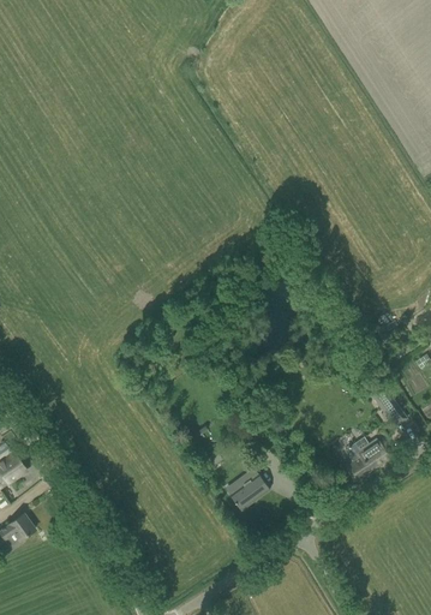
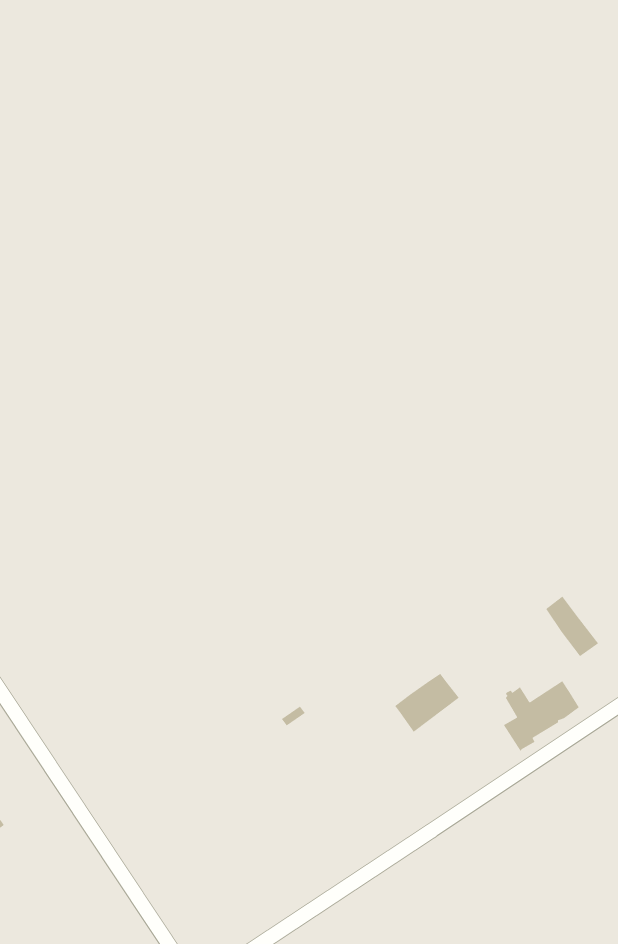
building: [229,471,270,508] -> [394,673,460,733]

